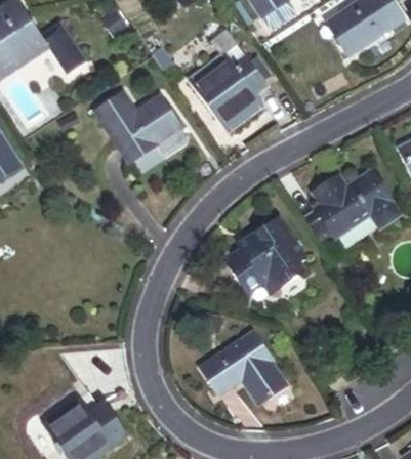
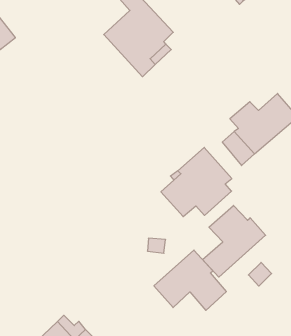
building: [93,91,186,160] -> none
building: none -> [203,205,266,277]

